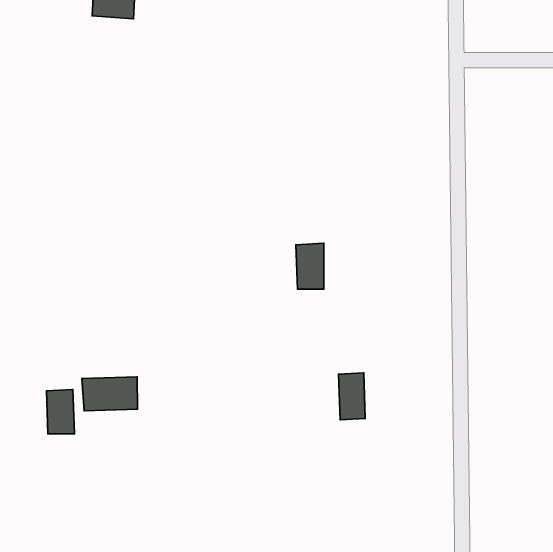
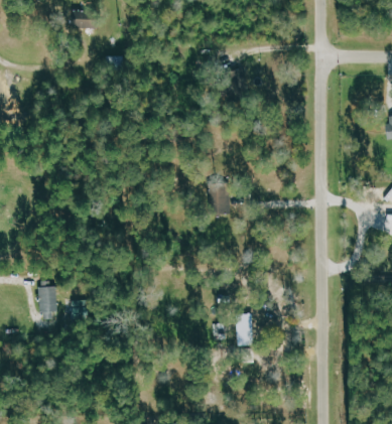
building: [339,373,365,420] -> [236,313,254,345]
building: [82,377,138,411] -> none

